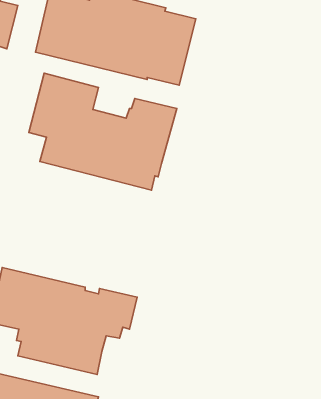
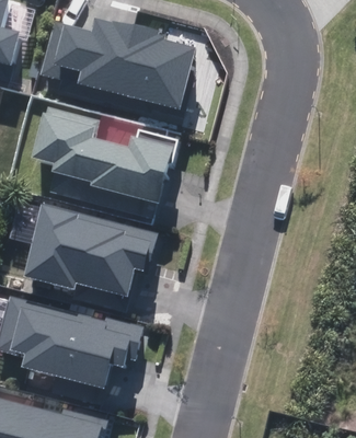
building: none -> [24,196,156,304]

